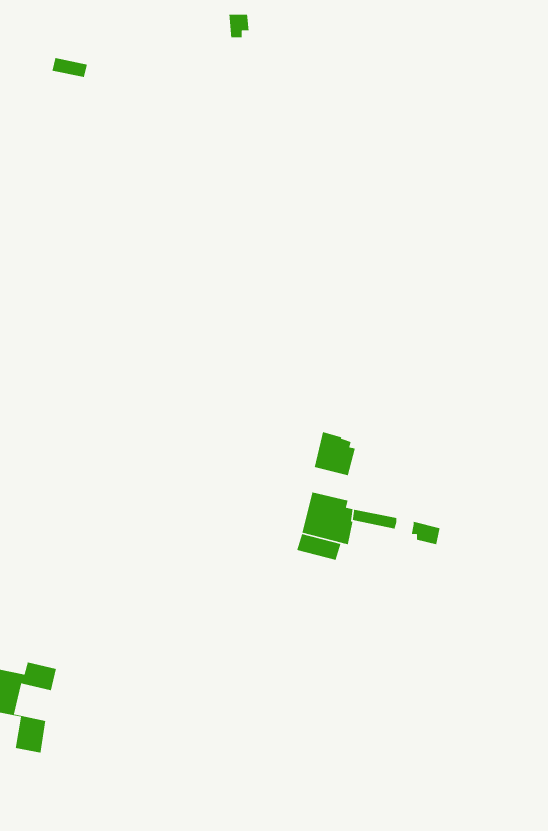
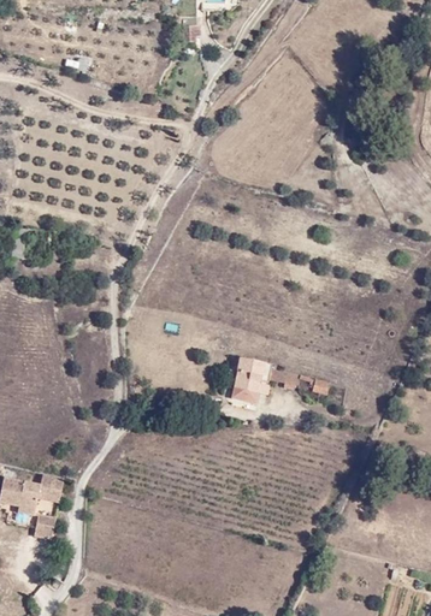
building: [314,431,356,476] -> none

